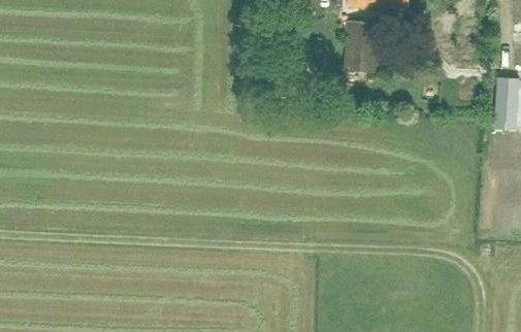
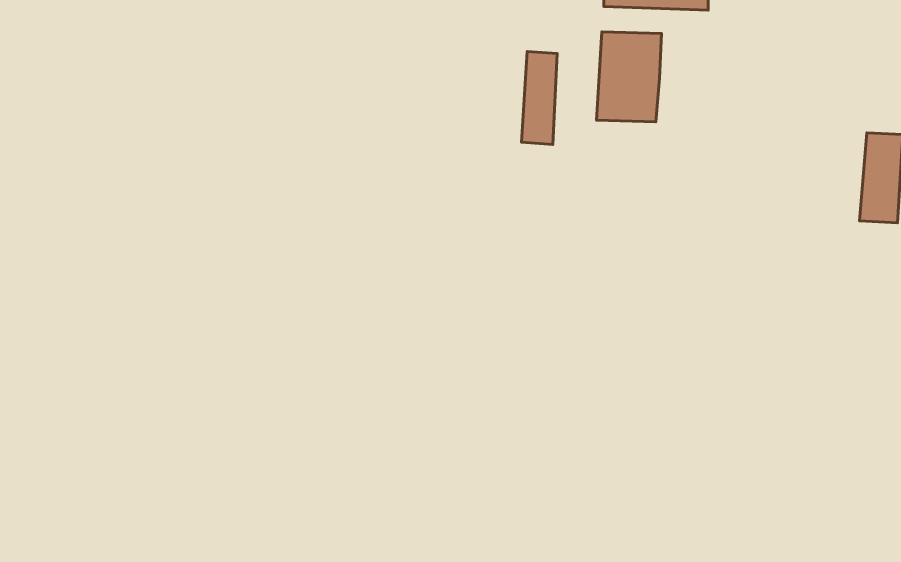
building: none -> [521,51,557,144]

